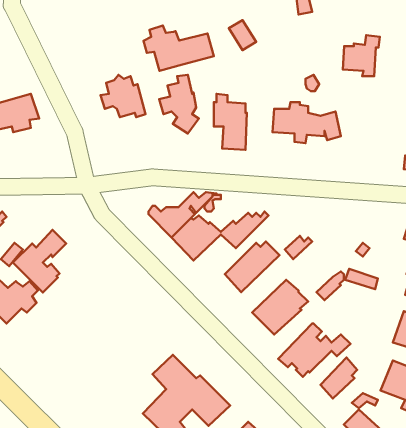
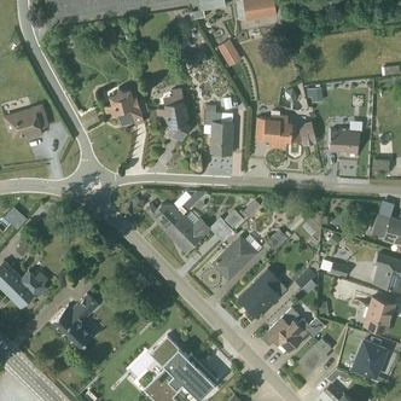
building: [143,25,214,71] -> none
building: [343,35,380,76] -> [330,121,362,157]
building: [13,230,66,293] -> [52,294,99,349]

